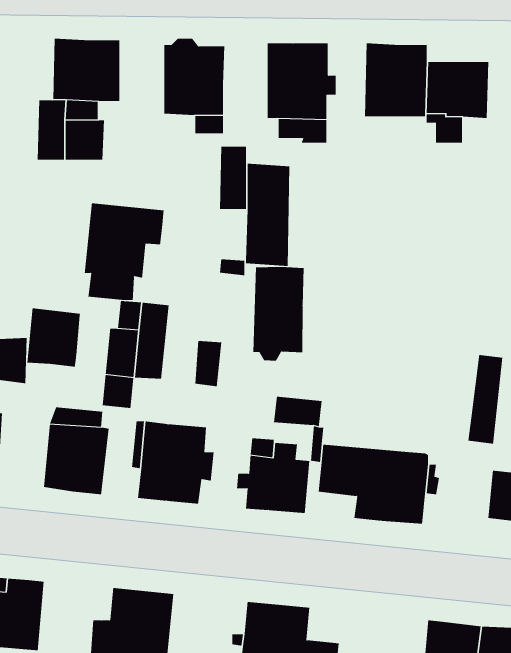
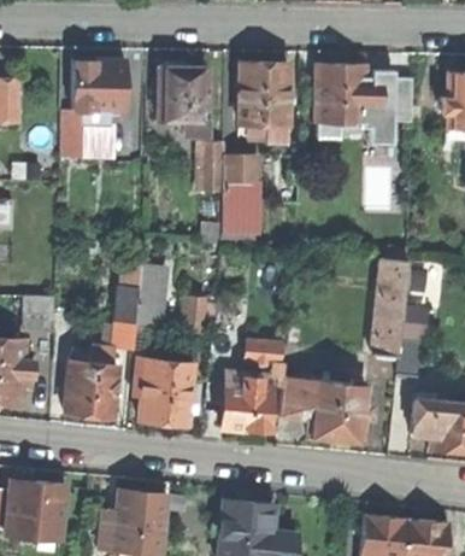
building: [84,202,164,301] -> none
building: [253,266,304,361] -> none
building: none -> [371,258,410,357]
building: [27,308,80,368] -> none

